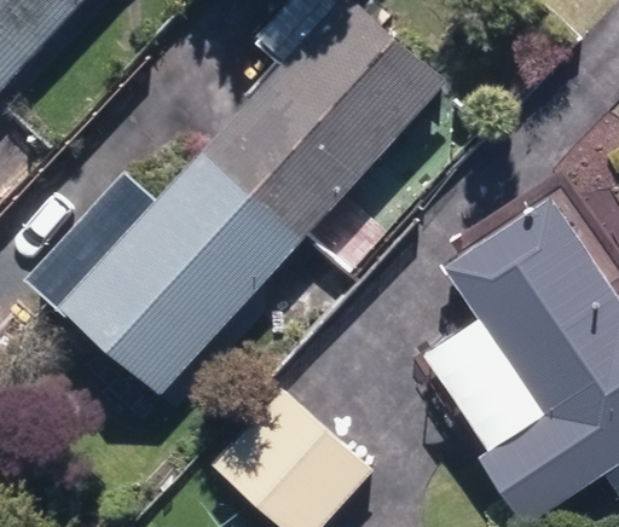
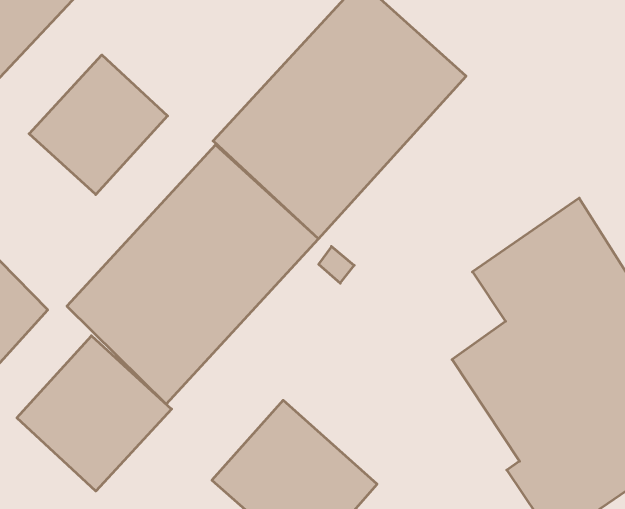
building: none -> [29,55,168,195]
building: none -> [17,336,172,491]

